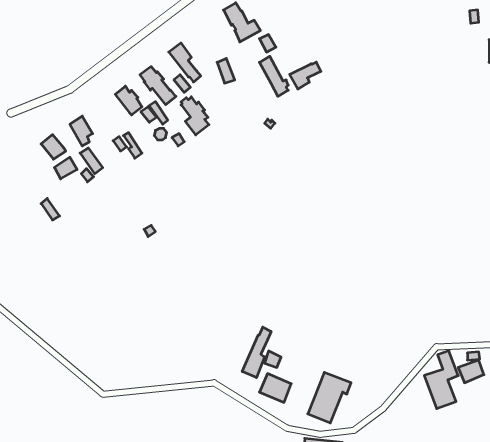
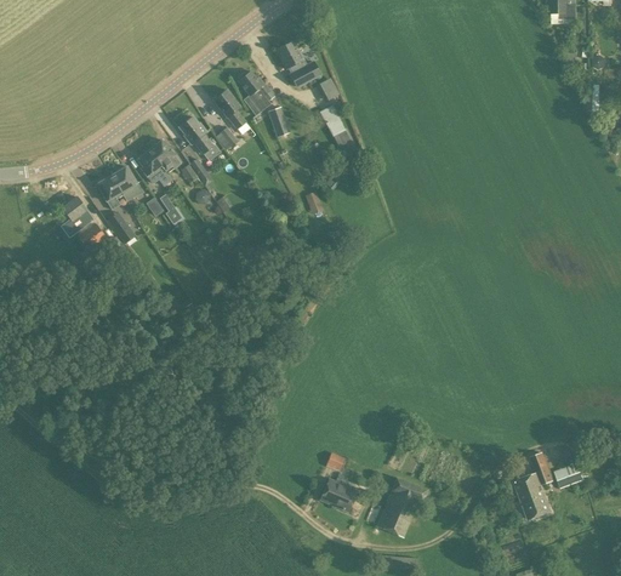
building: [290,62,321,89] -> none
building: none -> [137,149,172,186]
building: [181,97,209,135] -> [238,70,270,115]
building: none -> [110,166,141,201]
building: [242,327,271,378] -> none

